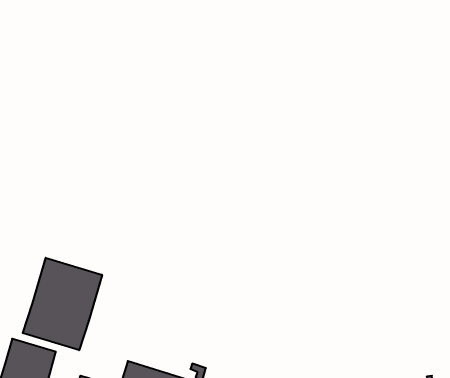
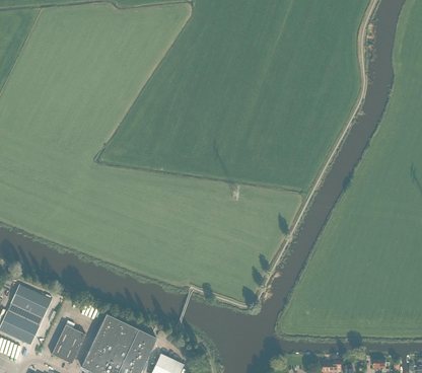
building: [23,258,102,350] -> none

